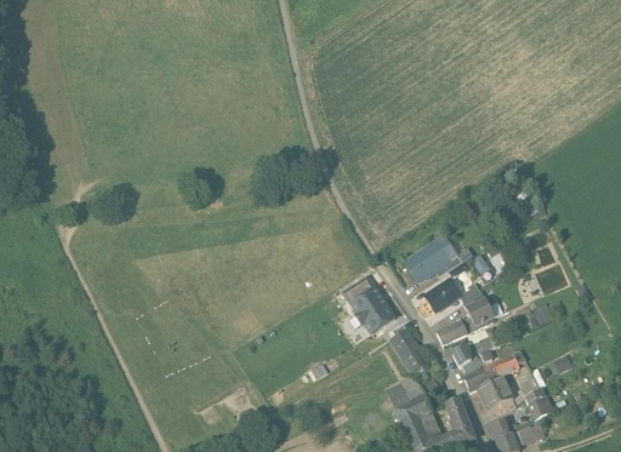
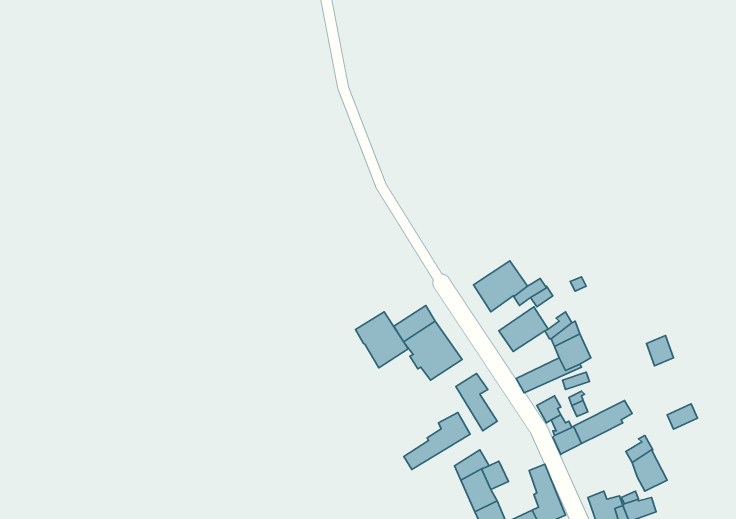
building: none -> [356,312,408,368]
building: none -> [404,413,470,470]
building: [480,374,512,408] -> none

